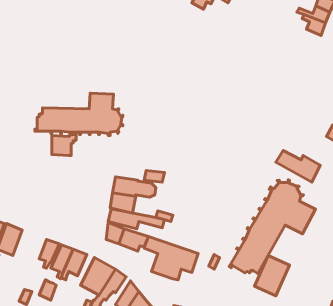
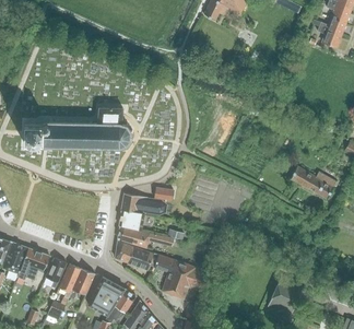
building: [52,134,76,156] -> [24,122,49,144]
building: [229,180,316,273] -> none
building: none -> [17,248,49,280]

